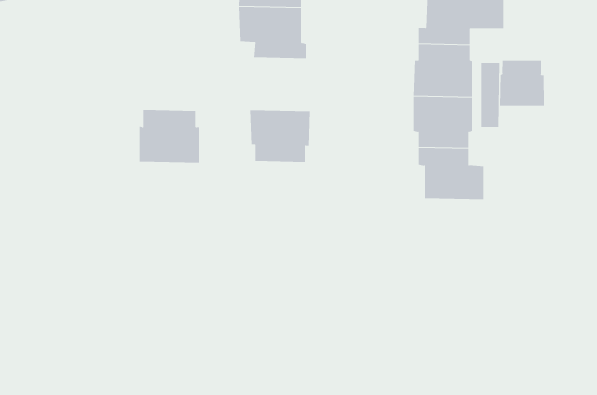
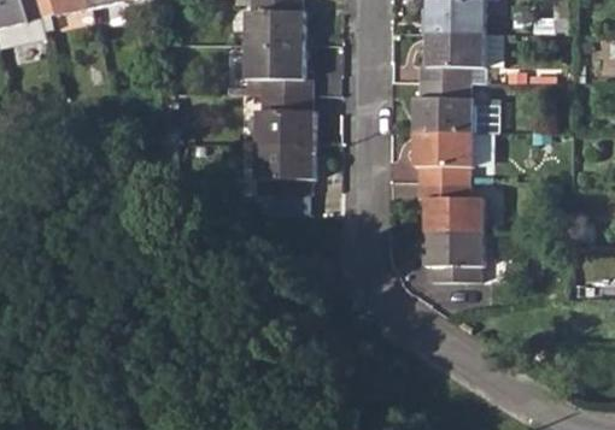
building: [500,60,545,107] -> none
building: [139,110,200,163] -> [254,94,314,146]
building: none -> [422,230,481,281]

